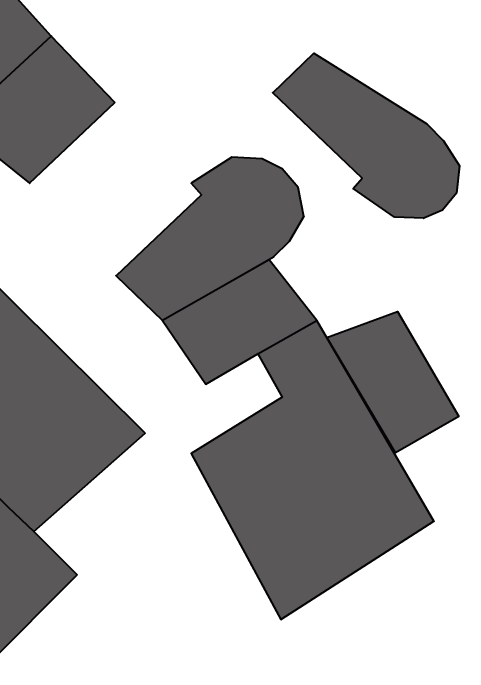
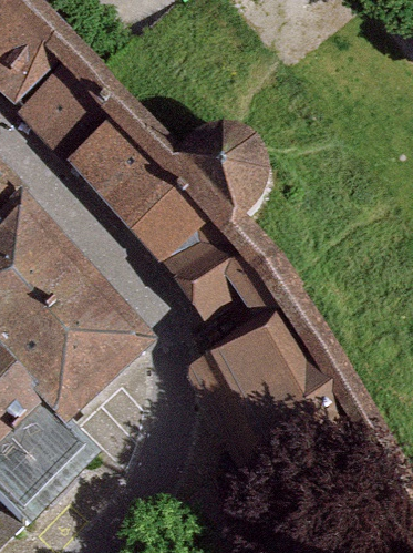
building: [273,53,460,218] -> none
building: none -> [60,92,192,225]
building: [327,312,459,453] -> none

